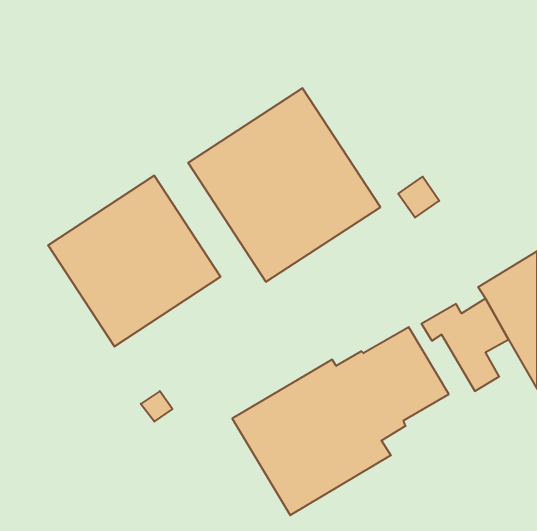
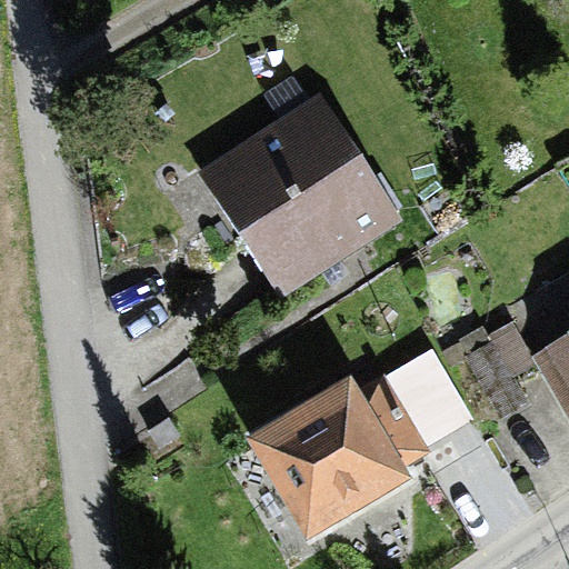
building: [48,175,220,347] -> none

